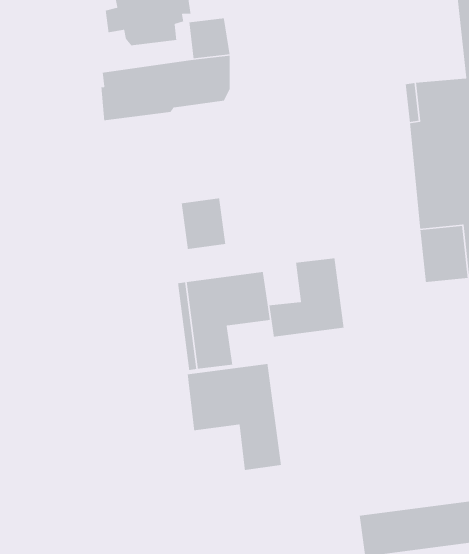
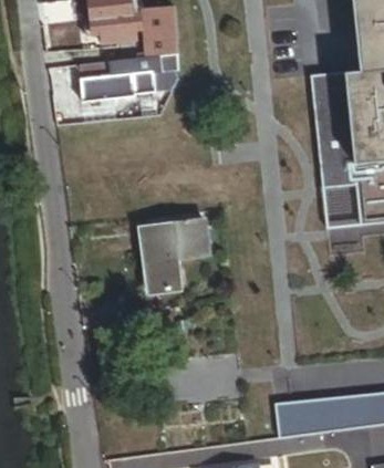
building: [181,197,226,250] -> none
building: [269,258,344,337] -> none
building: [187,363,282,471] -> none

